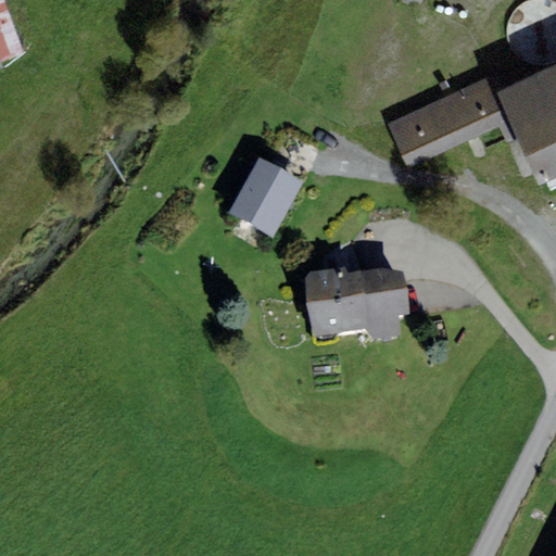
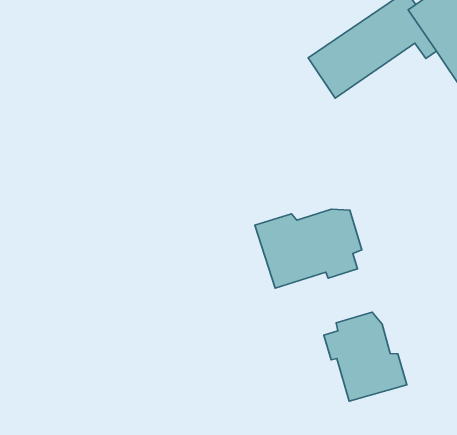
building: [230,161,303,239] -> none
building: none -> [324,312,407,401]

